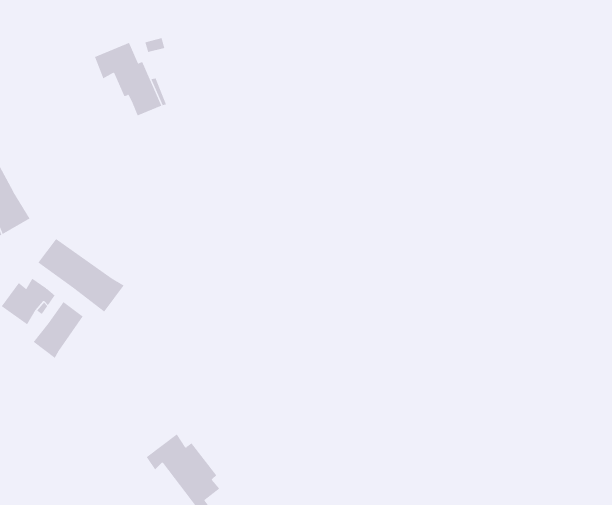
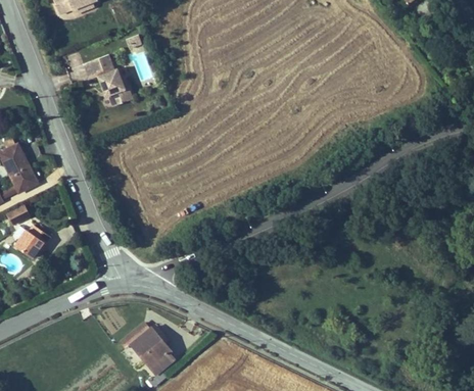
building: [38,238,125,313] -> none
building: [33,301,83,359] -> none

